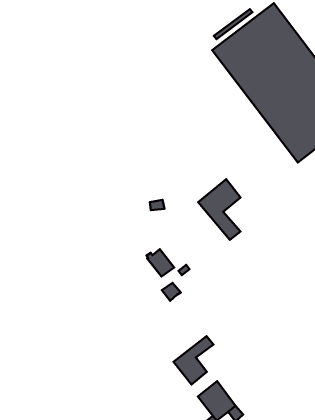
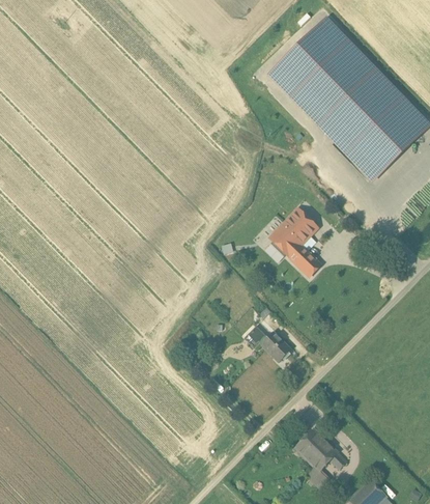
building: [147,249,174,277] -> [260,332,291,361]
building: [174,336,213,384] -> none

